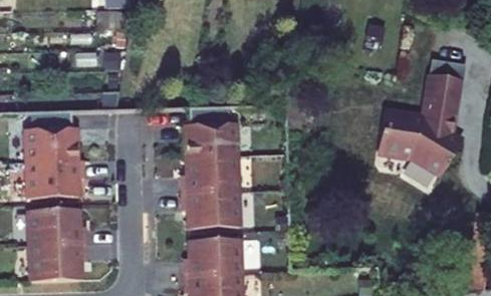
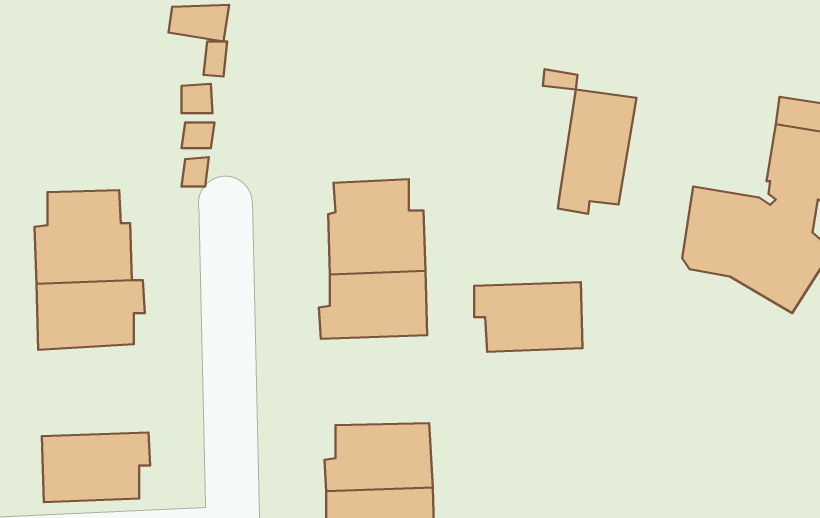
building: none -> [558,89,636,214]
building: [181,192,240,230] -> [474,282,583,352]
building: [27,210,86,247] -> none

